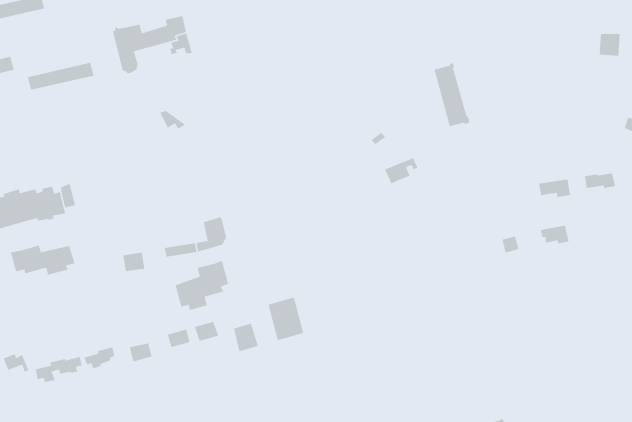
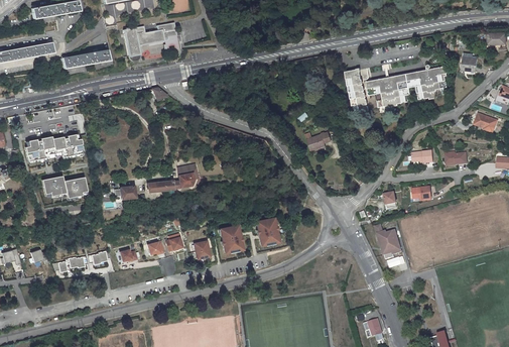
building: none -> [366,65,449,115]
building: [175,260,229,311] -> none
building: none -> [255,217,280,247]
building: none -> [377,226,401,258]

